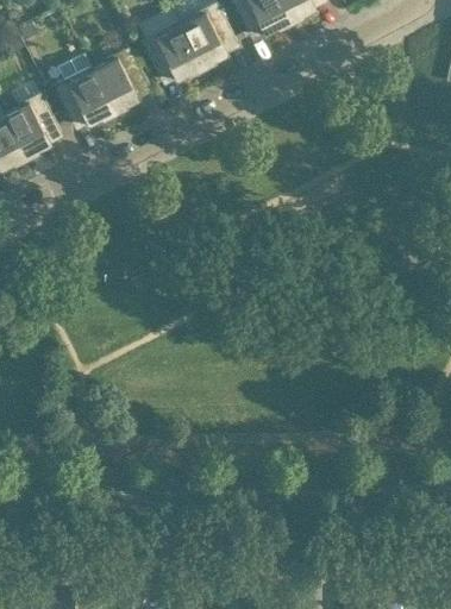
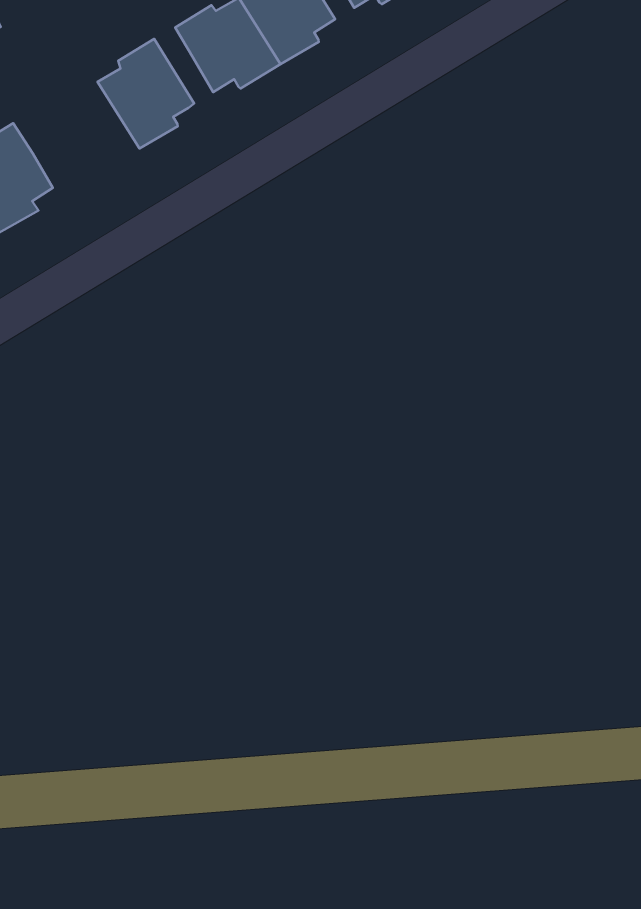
building: [52,56,114,128] -> none

